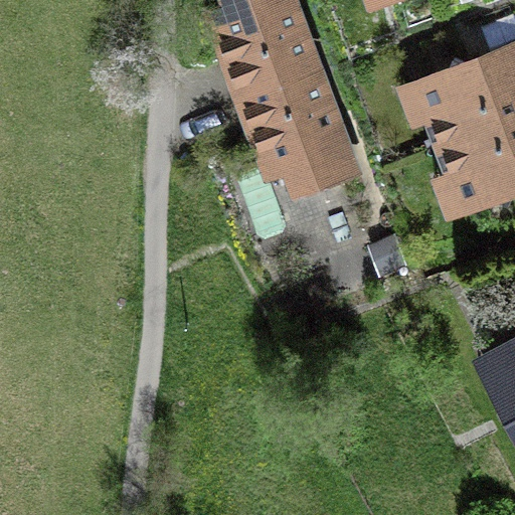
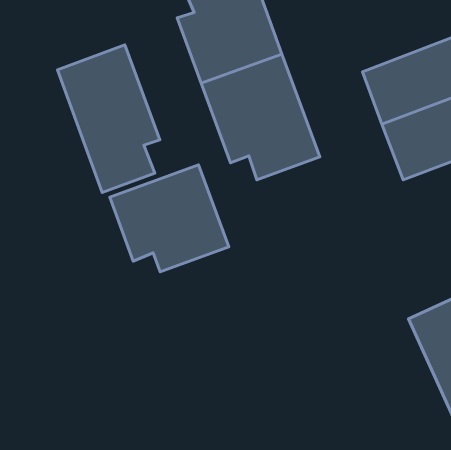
building: none -> [57,45,160,193]
building: none -> [110,165,229,272]

